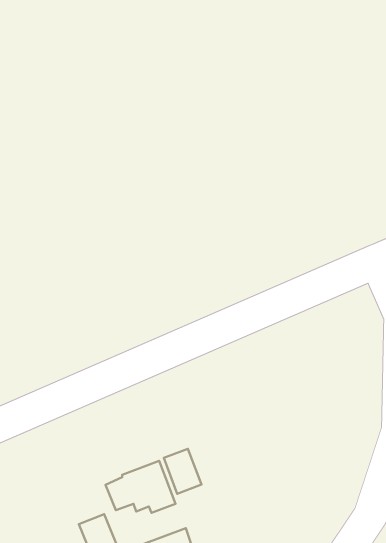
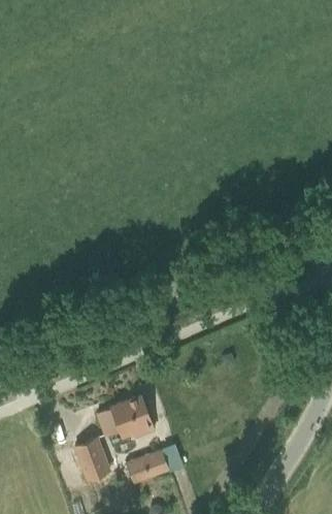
building: [164,449,201,494] -> none

